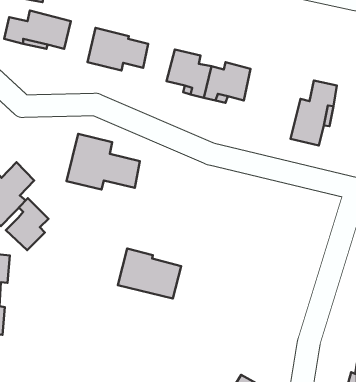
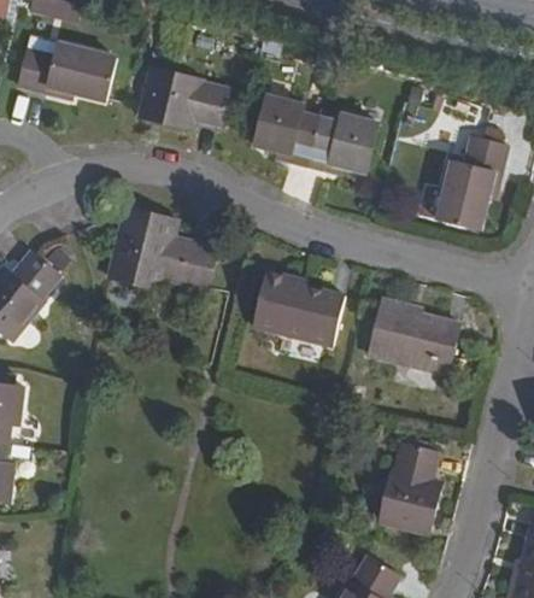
building: [6,198,49,250] -> none
building: none -> [363,317,454,385]
building: [118,249,181,299] -> [247,282,339,354]
building: none -> [377,441,439,530]

